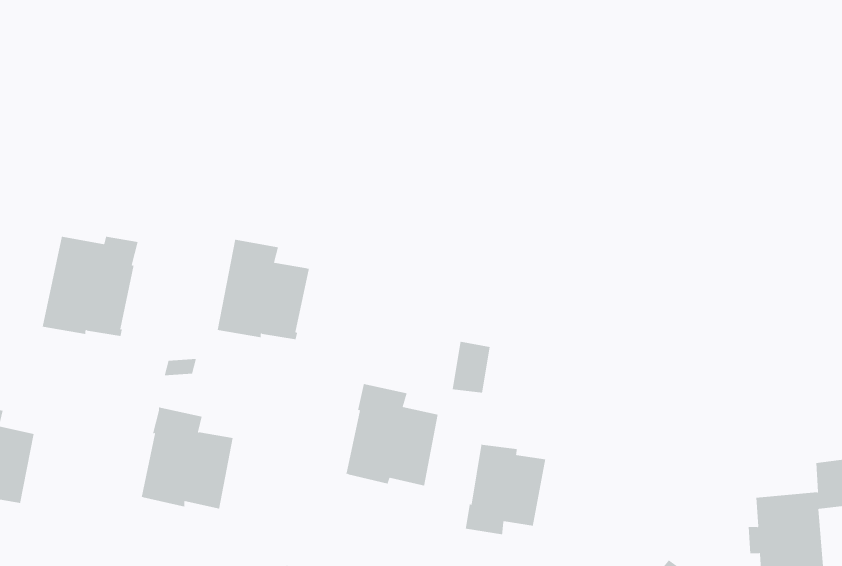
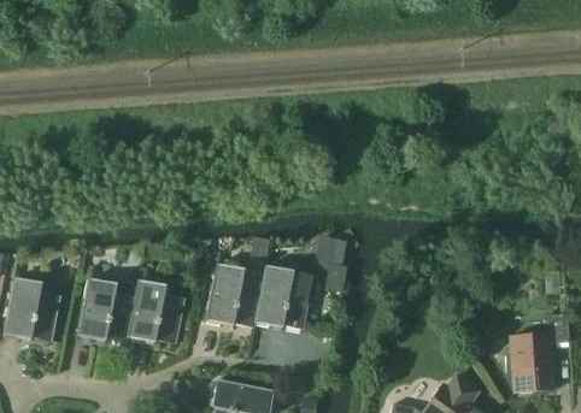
building: [42,236,138,337] -> [78,278,139,341]
building: [217,239,310,340] -> [206,264,264,326]
building: [465,443,546,535] -> none

